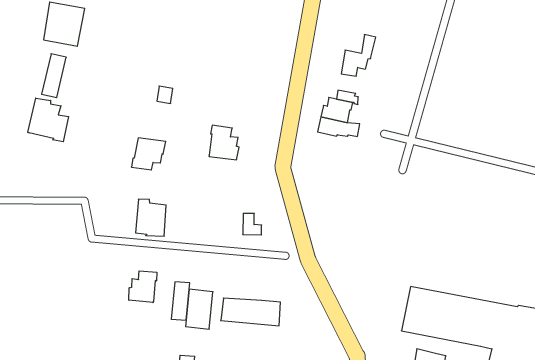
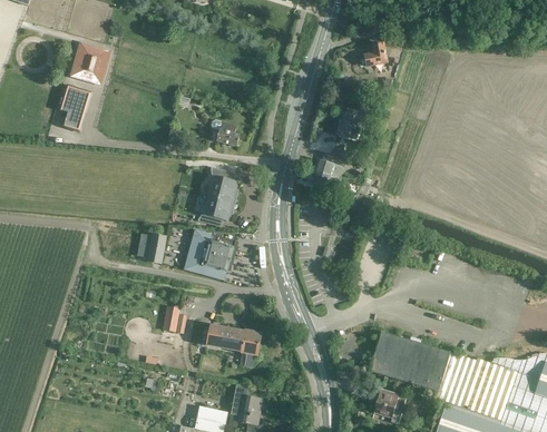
building: none -> [209,120,240,146]
building: [28,98,69,142] -> none
building: [131,138,166,170] -> [201,196,234,226]
building: none -> [184,229,234,279]
building: [129,271,157,303] -> none

